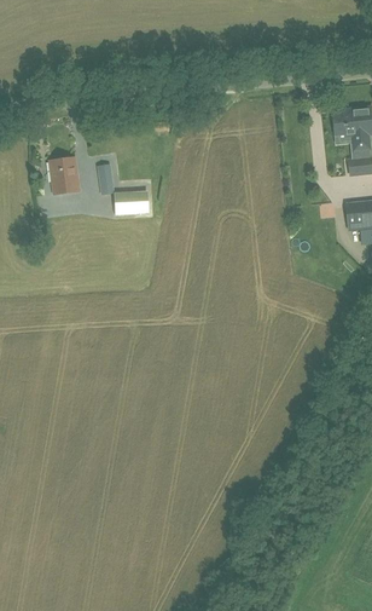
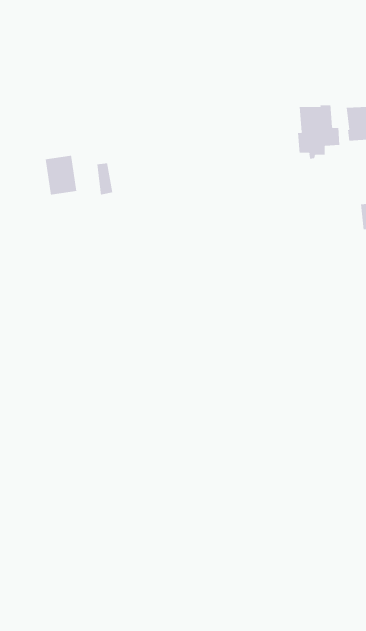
building: none -> [298,105,340,159]

